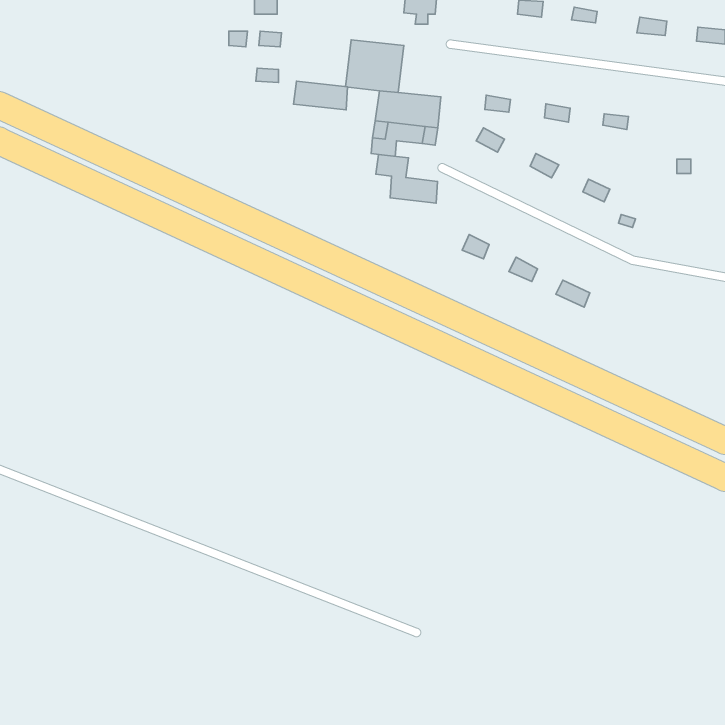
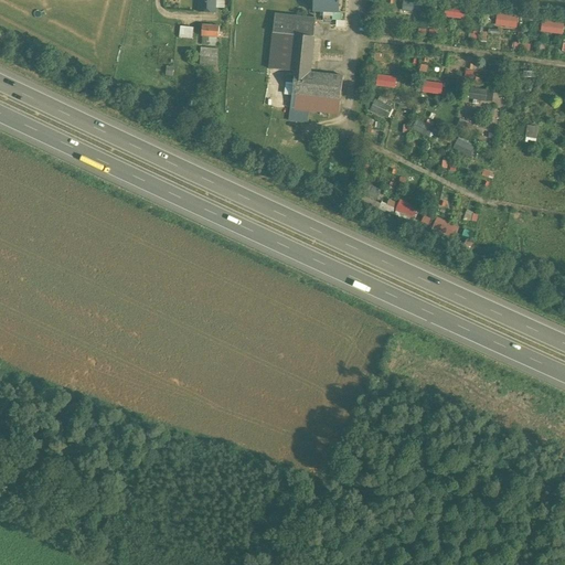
building: [294,81,348,110] -> [273,13,315,35]
building: [376,154,438,203] -> none

